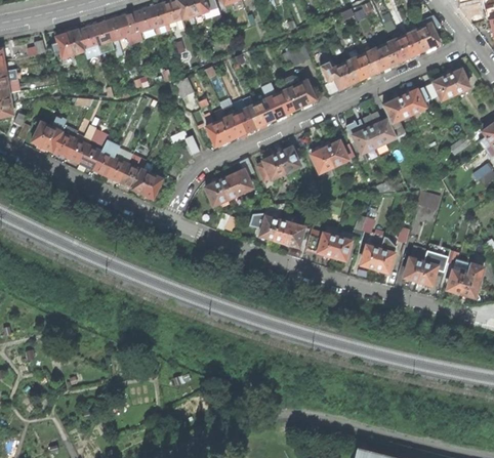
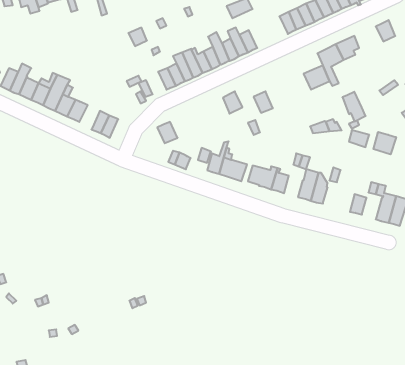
building: [320,61,349,89] -> none
building: [424,76,455,99] -> none
building: [354,128,379,161] -> [342,92,366,121]
building: [325,141,355,166] -> none
building: [119,154,146,188] -> none
building: [256,155,285,180] -> none
building: [219,170,251,199] -> none
building: none -> [373,132,396,154]
building: [404,245,427,281] -> none

